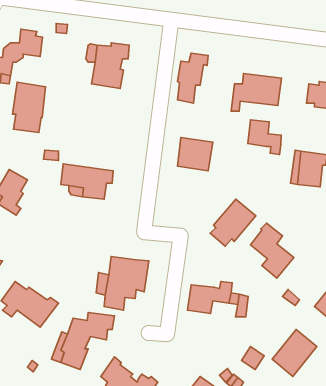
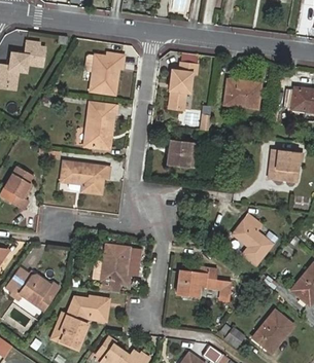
building: [12,82,46,132] -> [85,102,115,147]
building: [248,120,281,155] -> none
building: [210,199,256,246] -> none

